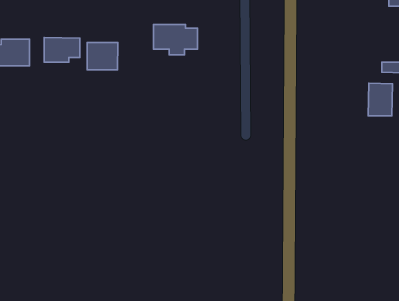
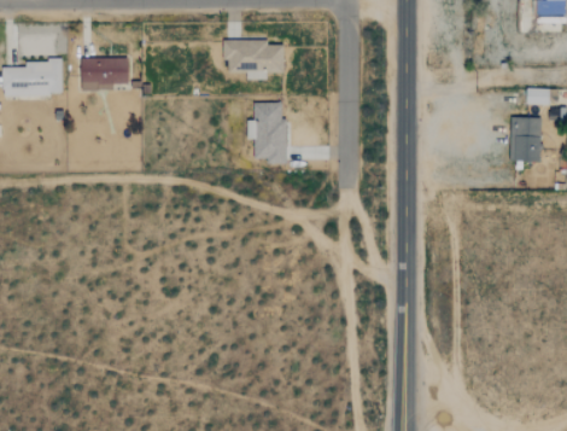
building: [87,43,118,70] -> none
building: none -> [246,103,287,163]

